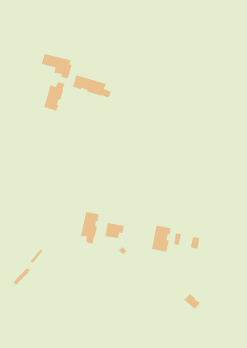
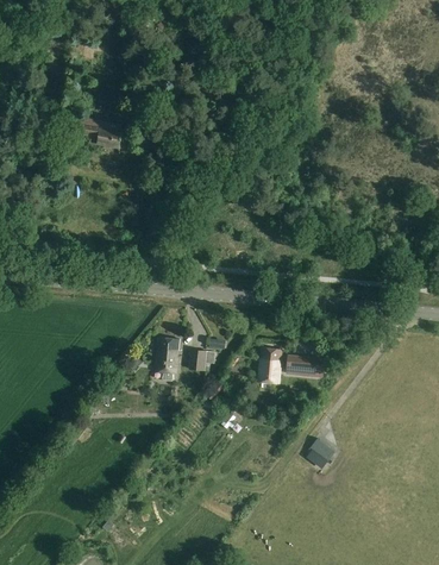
building: [72,74,111,98] -> none
building: [44,81,65,112] -> none

